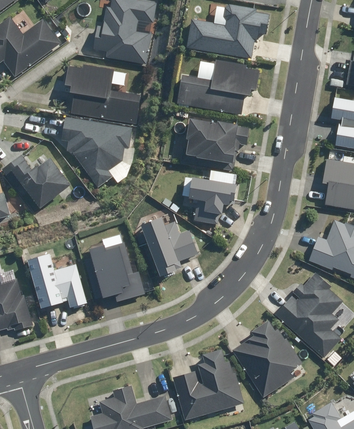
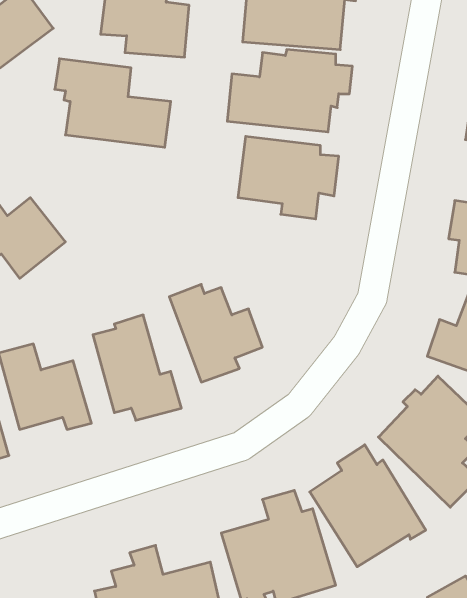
building: [61,116,133,188] -> none
building: [182,173,238,214] -> none

